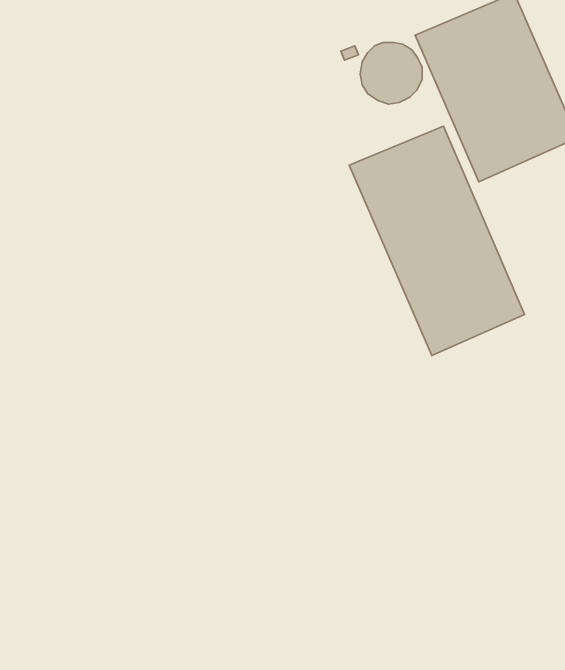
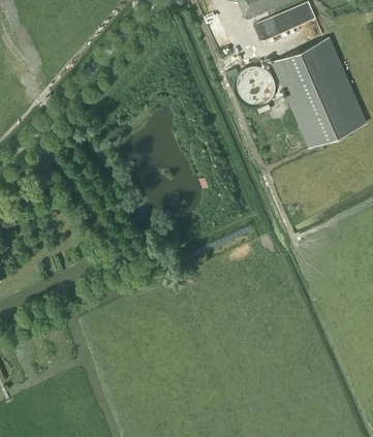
building: [349,126,525,355] -> none

